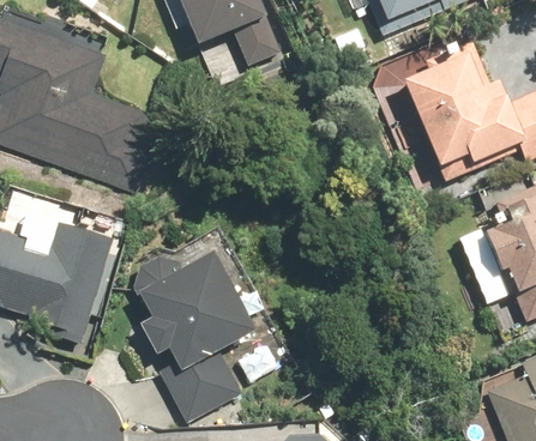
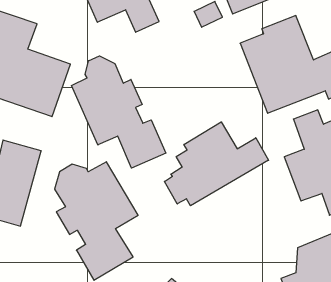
building: none -> [72,56,166,168]
building: none -> [164,122,269,206]

